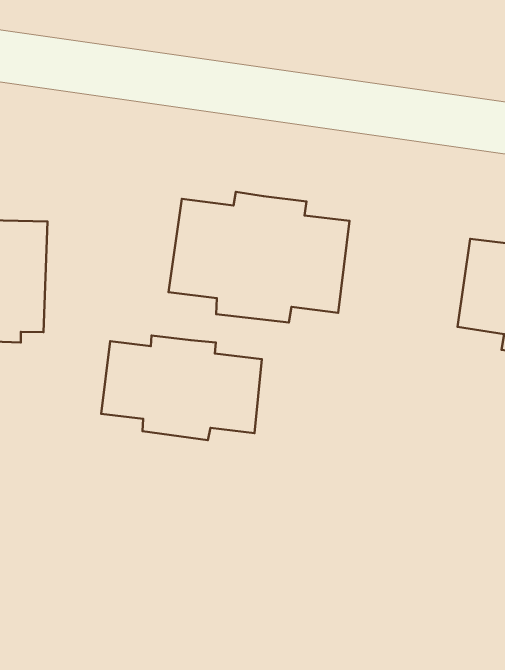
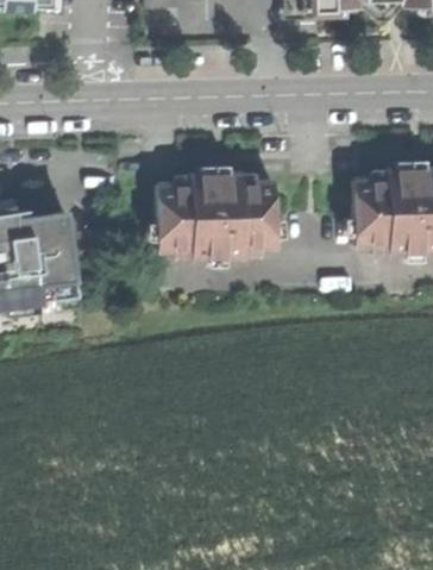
building: [101,335,262,440] -> none

